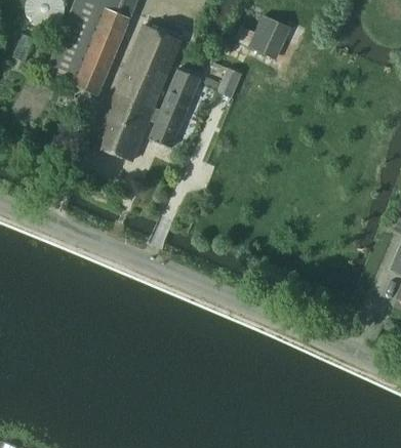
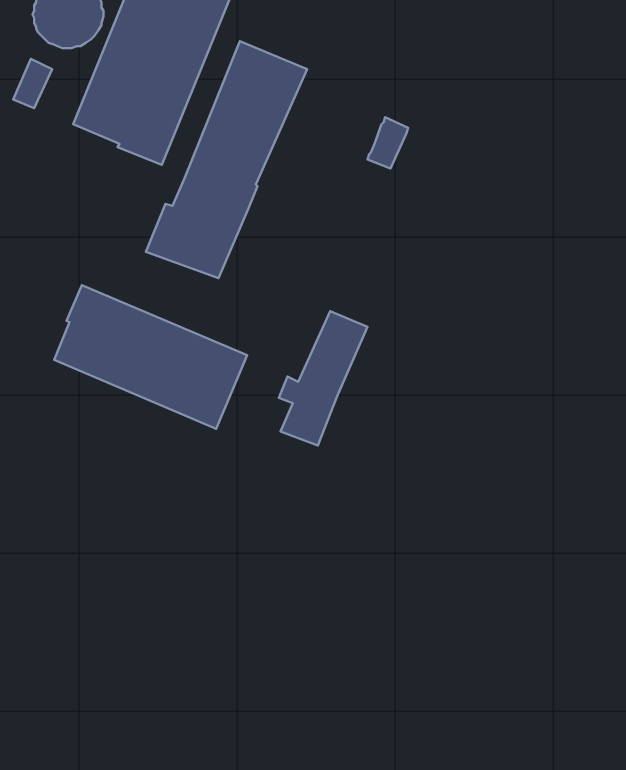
building: [234,16,287,59] -> none
building: [148,71,199,149] -> [279,311,367,446]
building: none -> [54,285,247,429]

